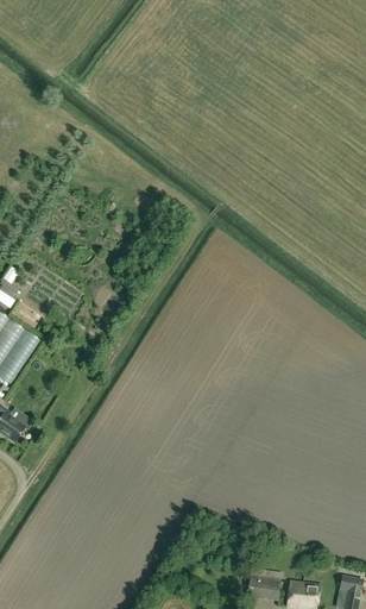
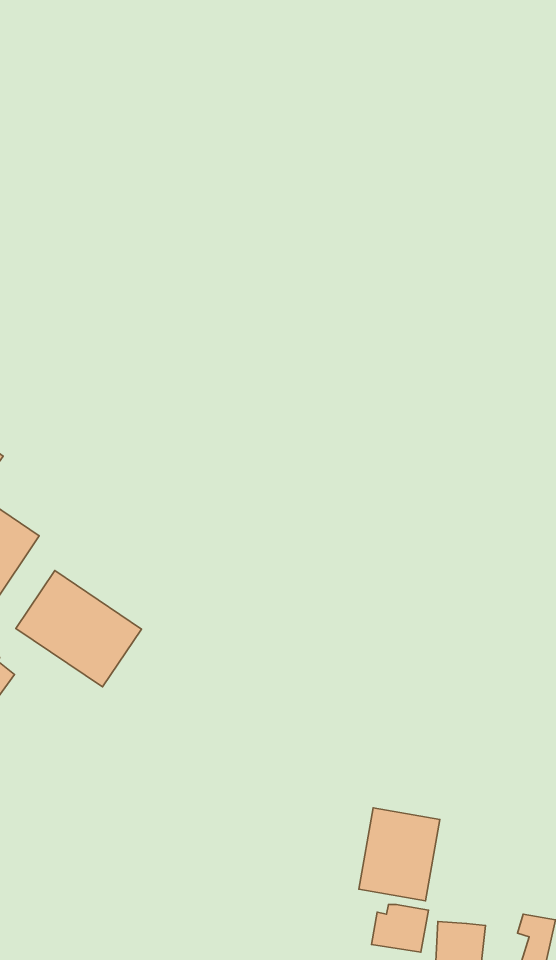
building: none -> [16,571,141,687]
building: none -> [359,808,440,901]

